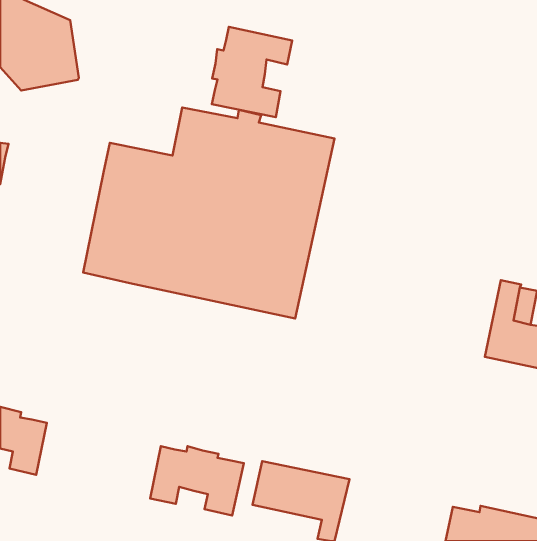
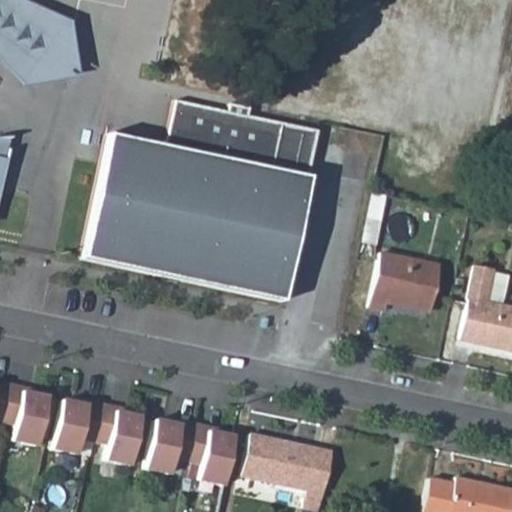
building: [212,27,292,117] -> none
building: none -> [372,252,441,310]
building: none -> [55,400,142,465]

